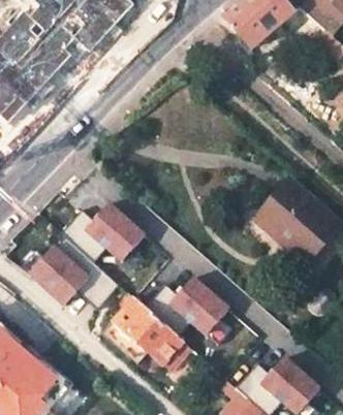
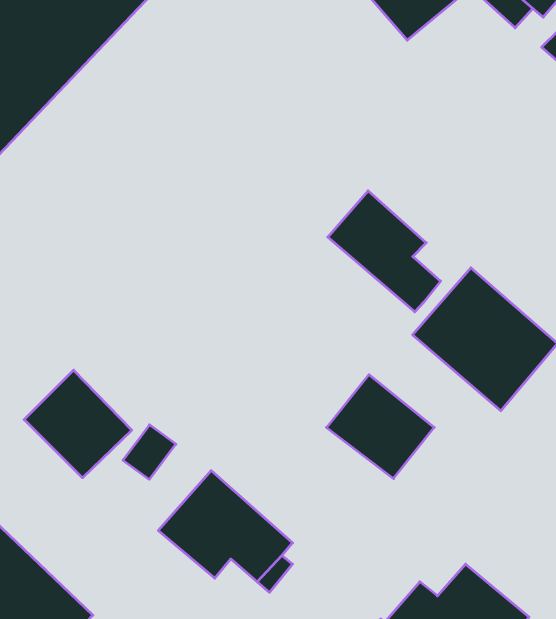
building: none -> [328,191,441,312]
building: [66,201,146,261] -> none
building: [167,274,230,334] -> [326,375,434,479]

